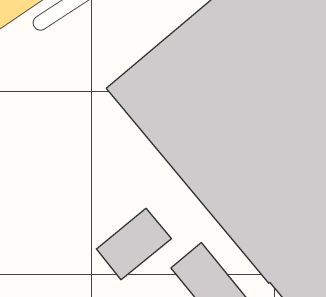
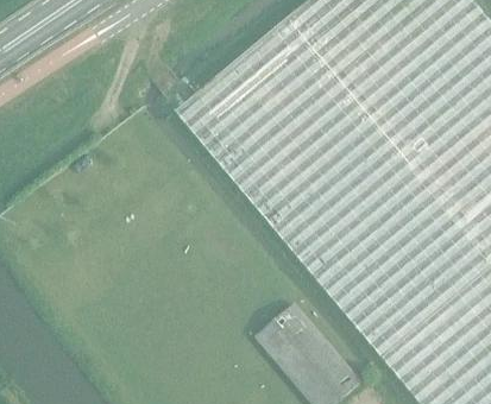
building: [96,208,171,280] -> none

